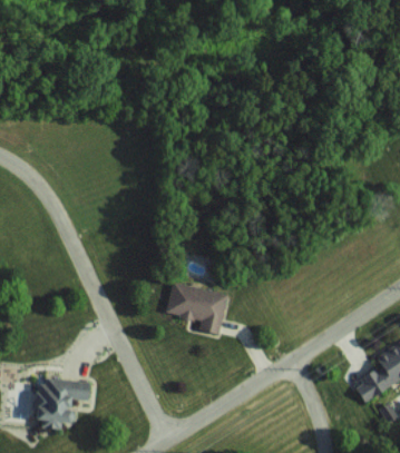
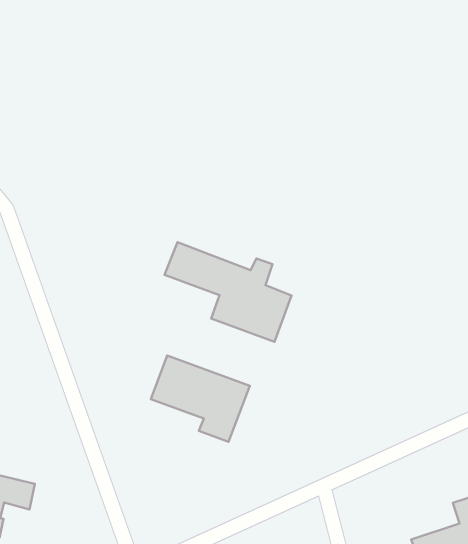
building: none -> [164,242,291,342]

